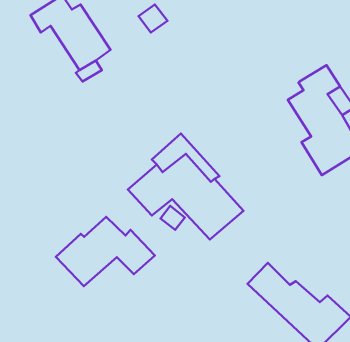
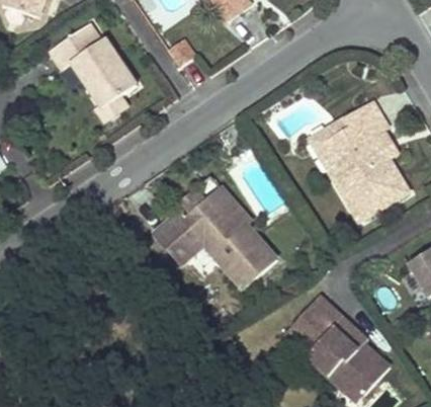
building: none -> [310,123,349,185]
building: [56,217,155,286] -> none
building: none -> [304,296,370,353]

